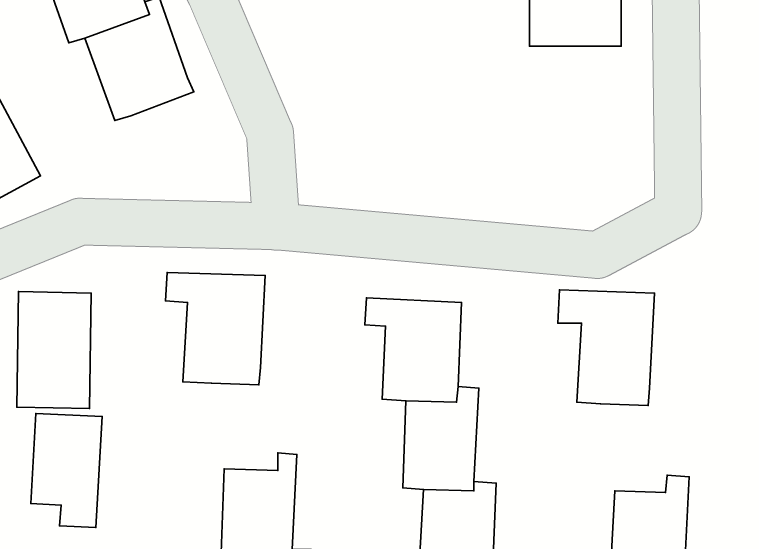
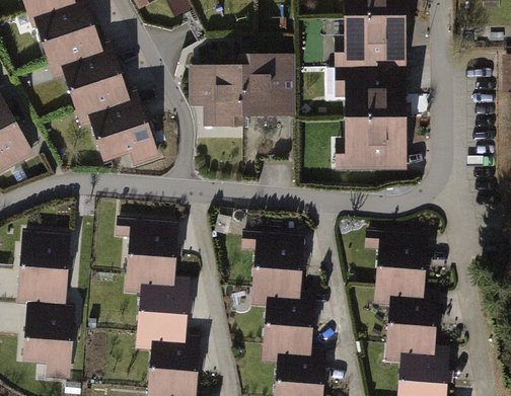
building: none -> [188,55,293,129]
building: none -> [345,72,405,174]
building: none -> [89,90,158,170]
building: none -> [138,278,187,343]
building: none -> [387,291,435,358]

